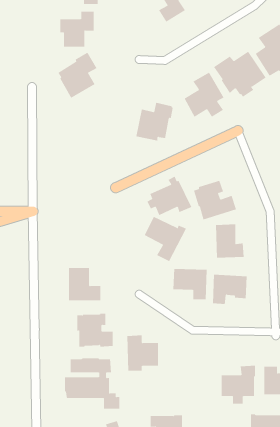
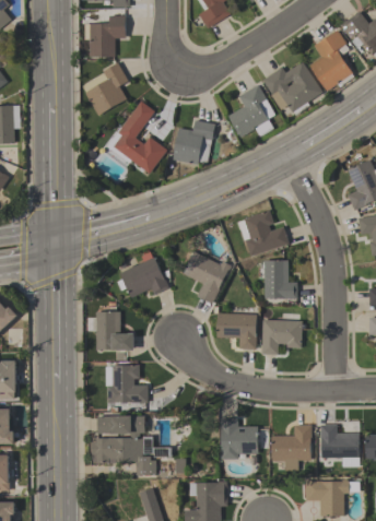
building: none -> [106,102,167,175]
building: [147,176,192,216] -> [117,253,169,299]
building: [127,335,159,371] -> [220,417,257,459]

